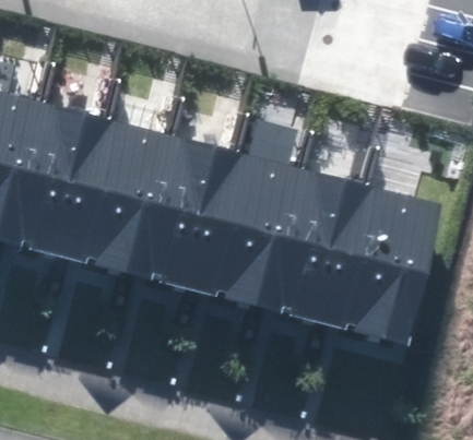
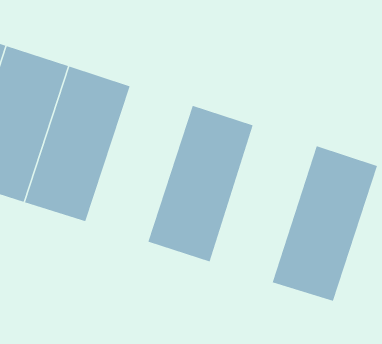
building: [142,138,243,296] -> none
building: [272,169,373,329] -> none

